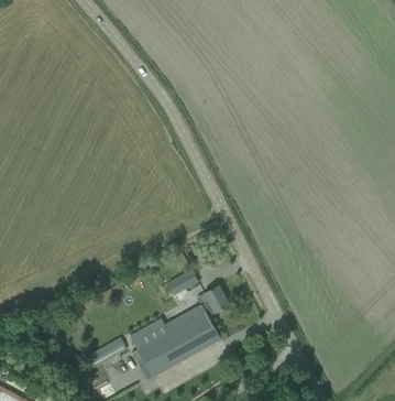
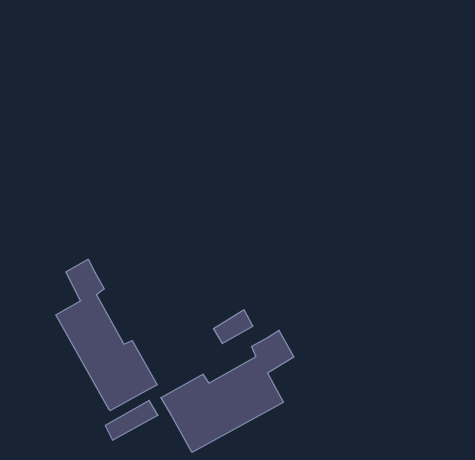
building: none -> [56,259,157,411]

